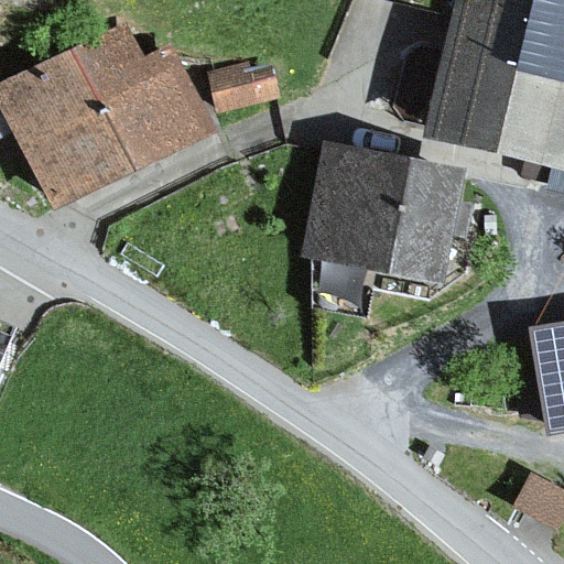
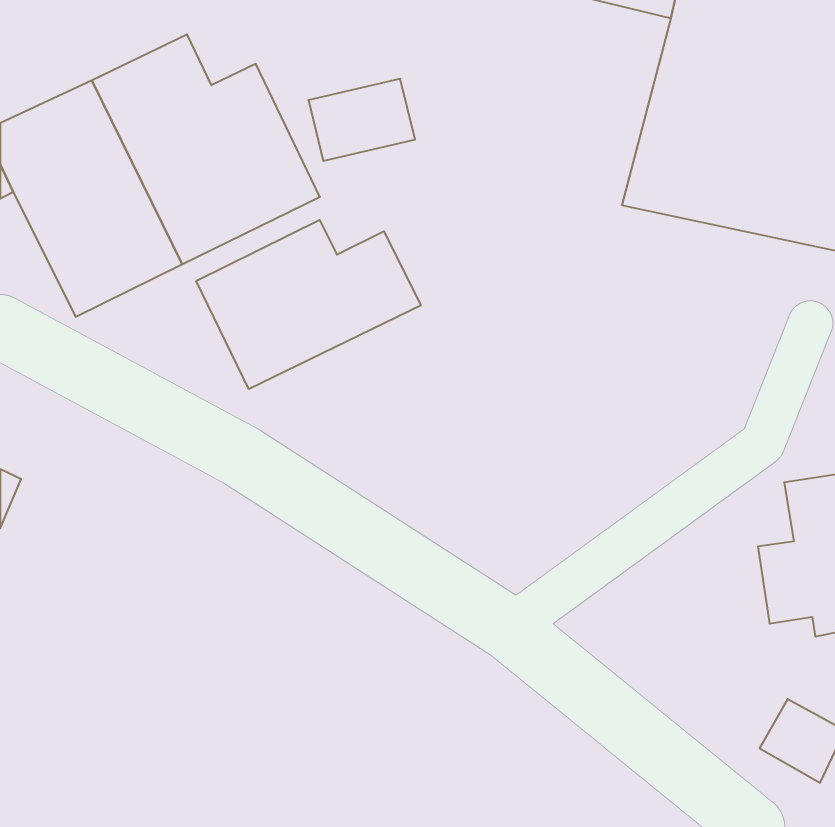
building: [303,142,475,281] -> none
building: none -> [196,220,421,389]

